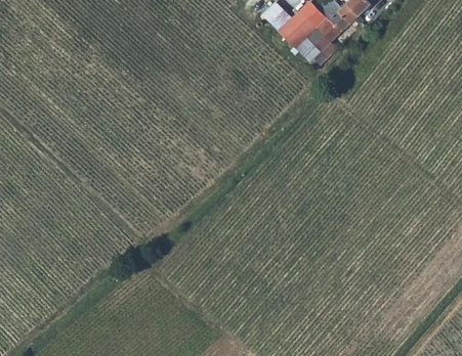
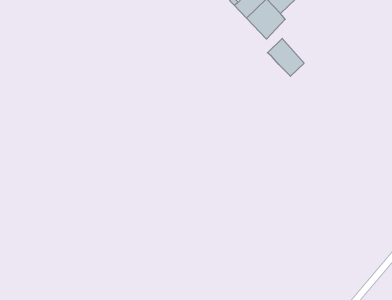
building: none -> [267,38,304,76]

